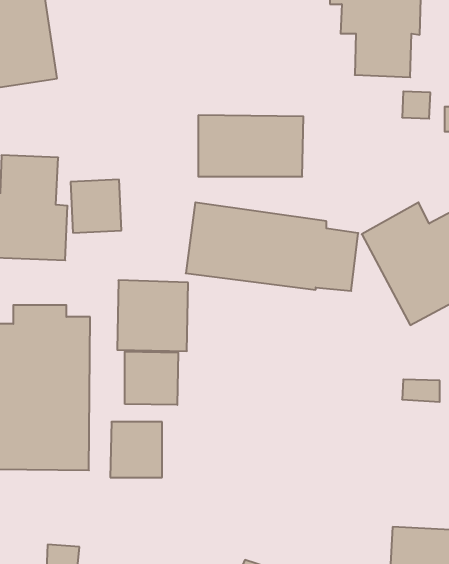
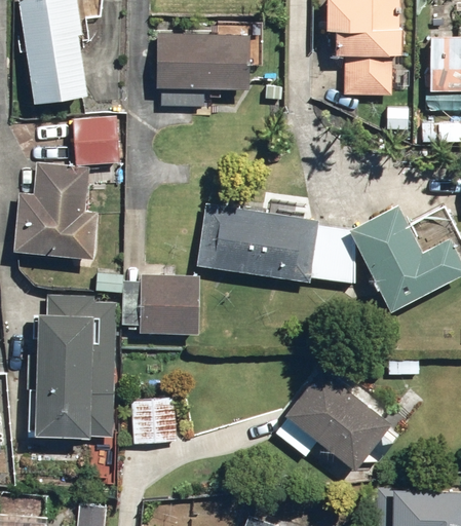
building: [198,115,303,177] -> [156,36,247,89]
building: [71,180,121,233] -> [77,116,121,162]
building: [125,351,178,405] -> none
building: none -> [277,369,399,474]

